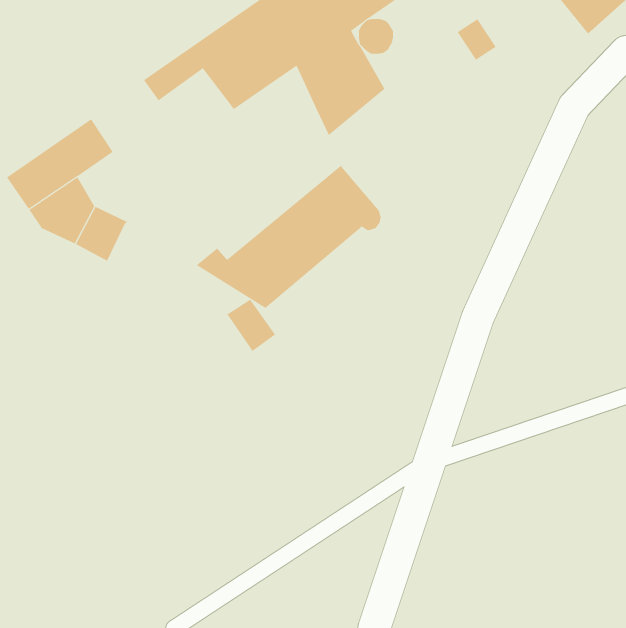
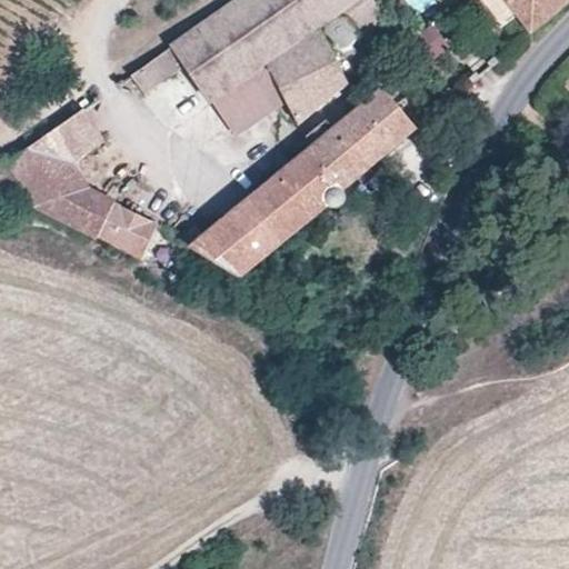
building: none -> [210,60,284,133]
building: none -> [308,89,413,189]
building: none -> [97,200,156,258]
building: [226,299,276,352] -> none

